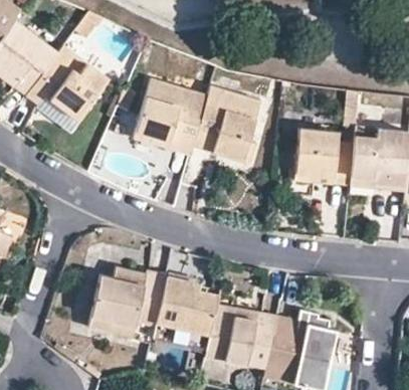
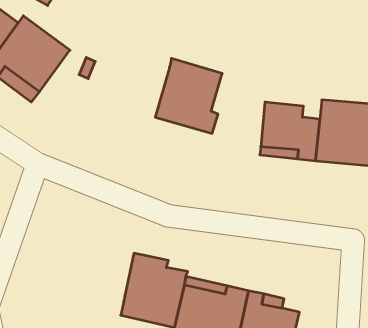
building: [133,80,206,154] -> none
building: [91,269,172,337] -> none

